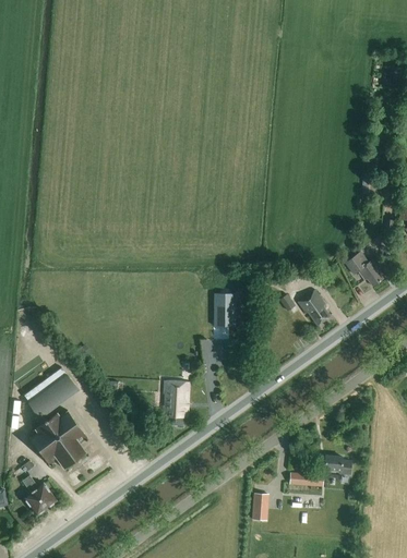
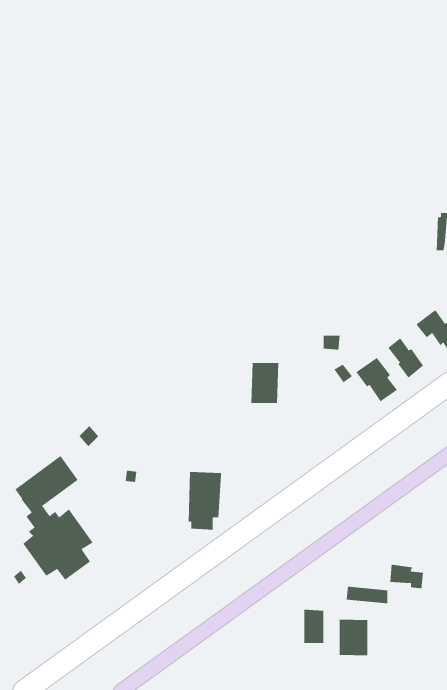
building: none -> [387,337,424,378]
building: [22,476,56,515] -> none
building: none -> [339,619,368,656]

